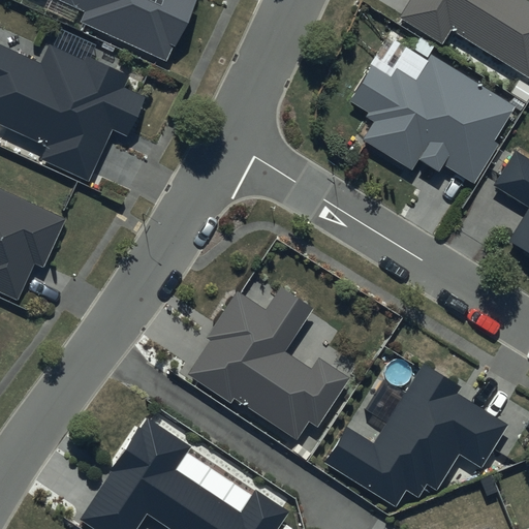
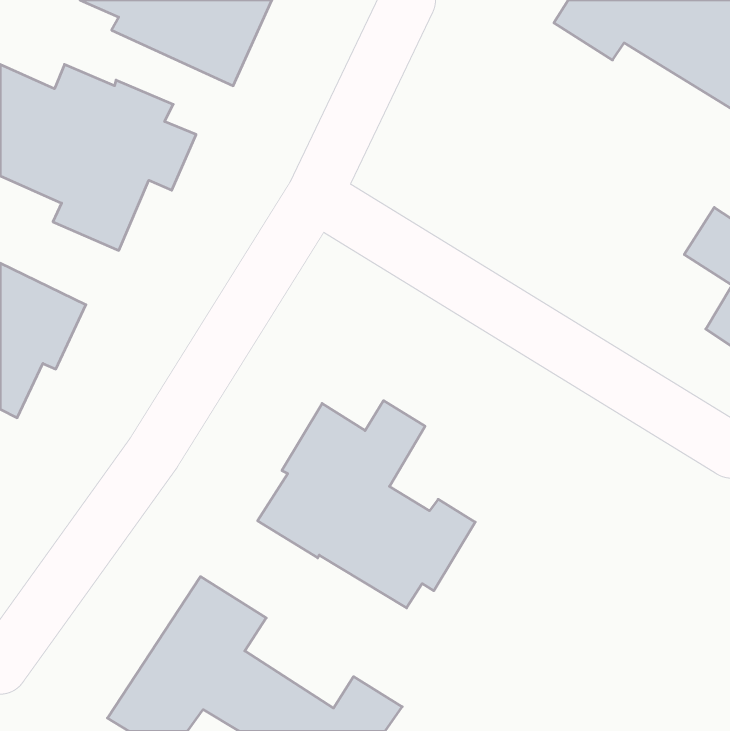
building: [352,56,516,183] -> none
building: [323,363,508,505] -> none

